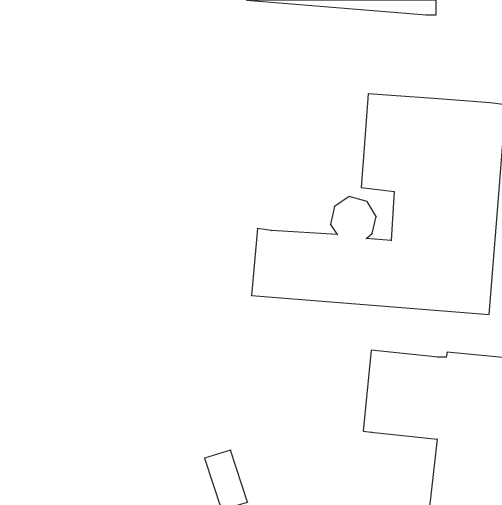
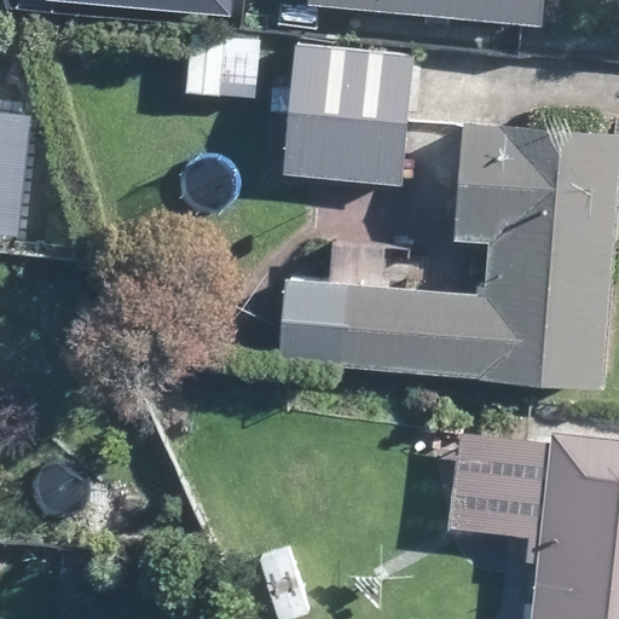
building: none -> [266,56,411,191]

